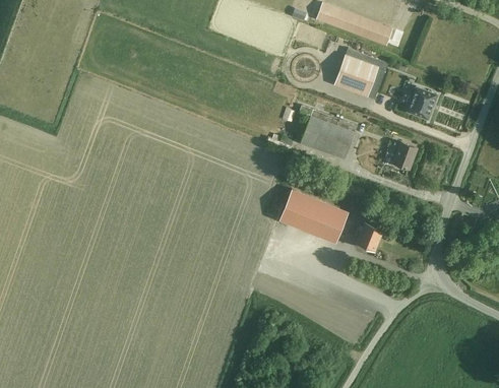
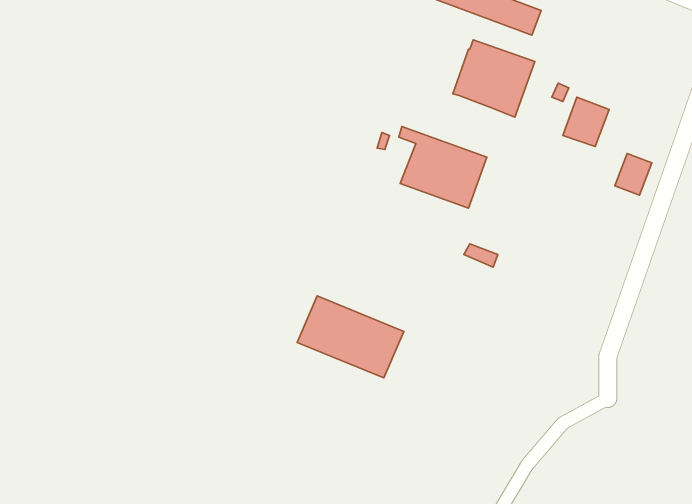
building: [391,141,416,169] -> [615,153,652,195]
building: [277,188,348,242] -> [297,296,404,378]
building: [355,220,382,251] -> none

